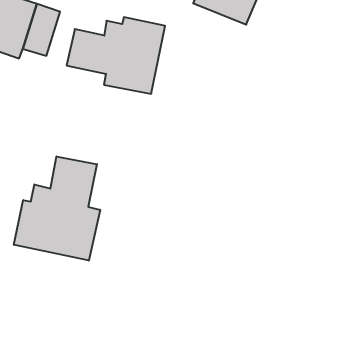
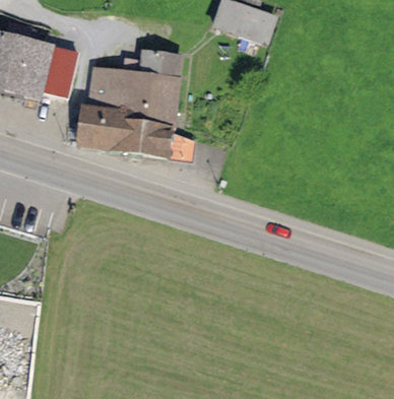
building: none -> [74,102,177,158]
building: [14,156,100,261] -> none

